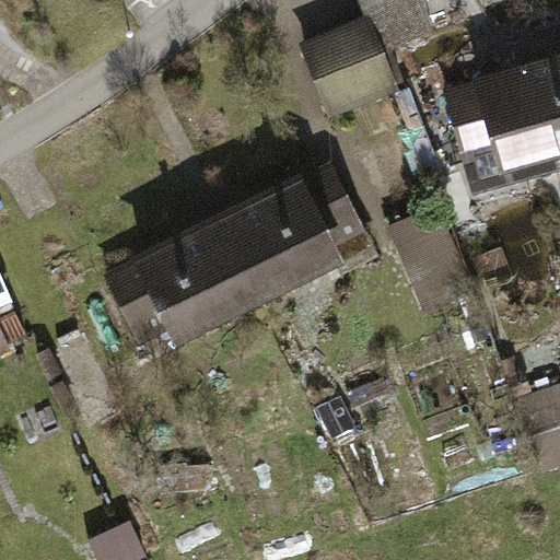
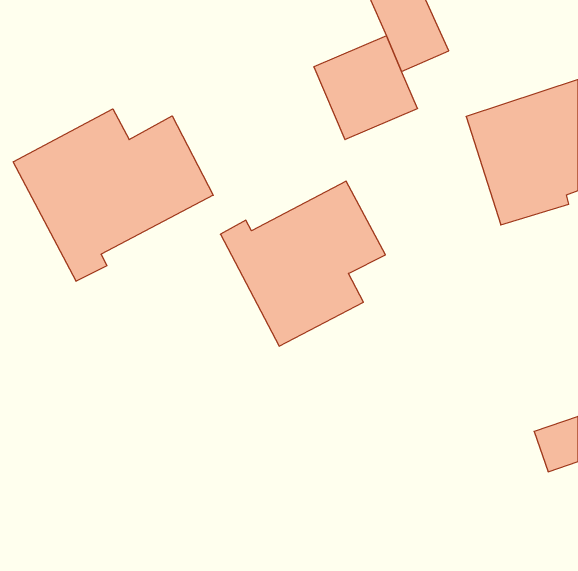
building: none -> [13,109,213,281]
building: [94,222,265,372] -> none

